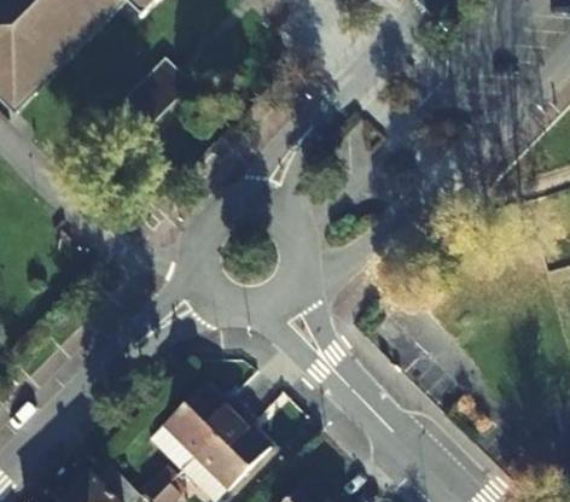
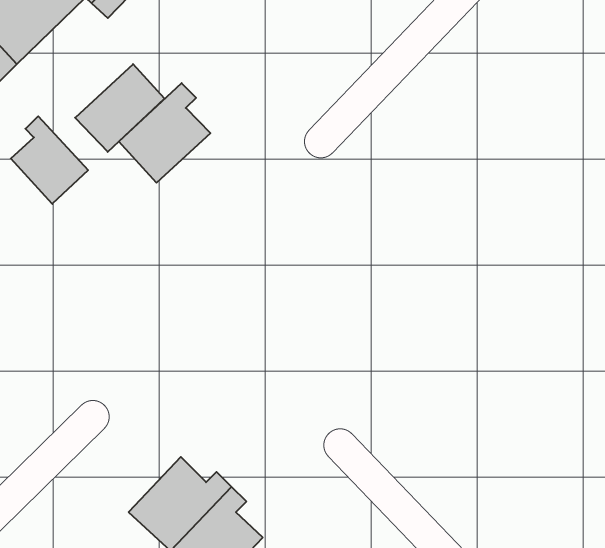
building: none -> [119,83,210,183]
building: none -> [11,116,88,204]

